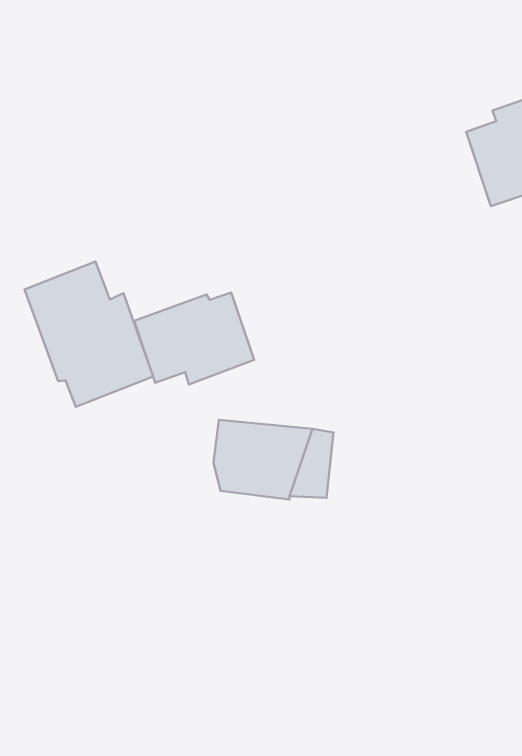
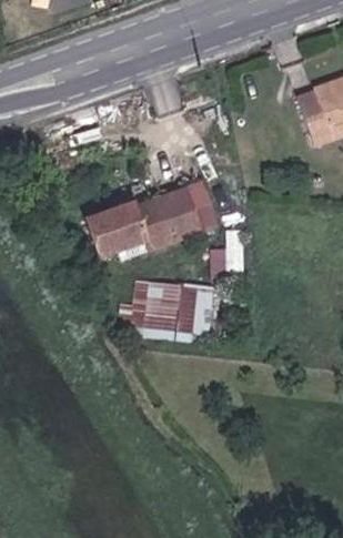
building: [25,262,153,407] -> none
building: none -> [149,181,216,242]

